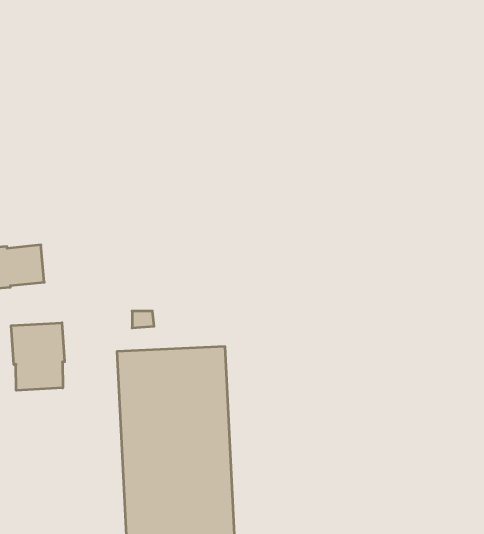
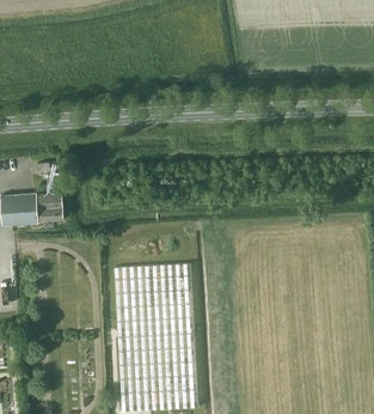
building: [11,323,65,390] -> none

